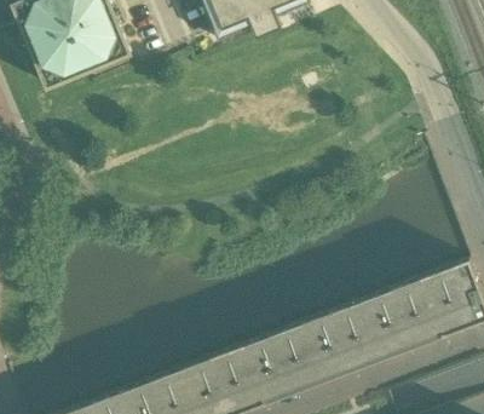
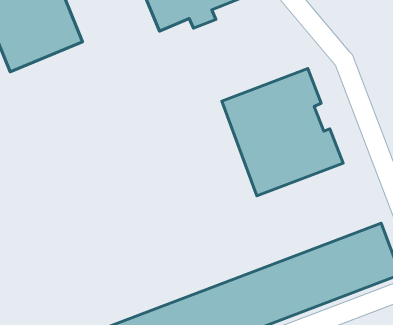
building: none -> [222,69,343,196]

